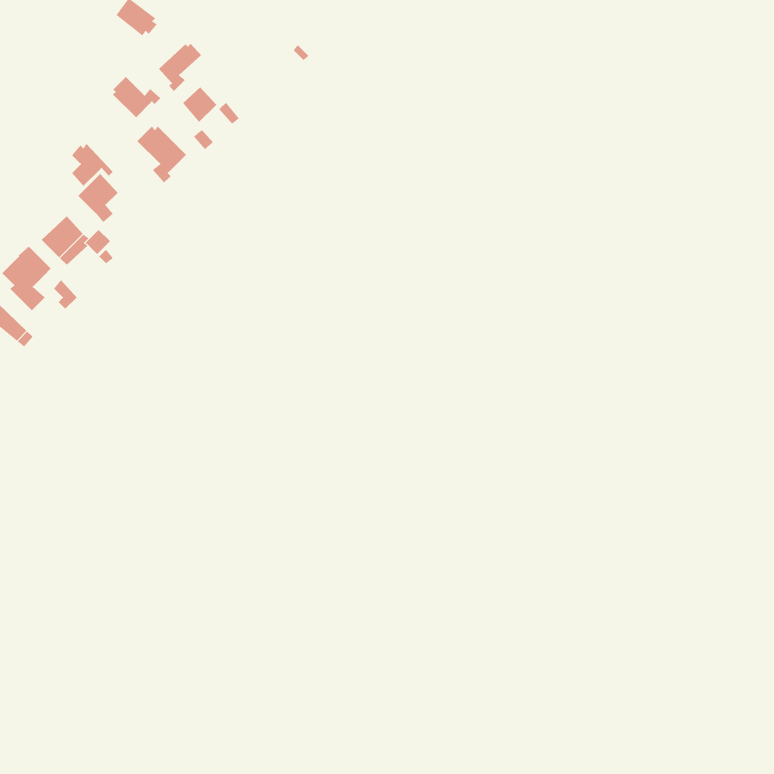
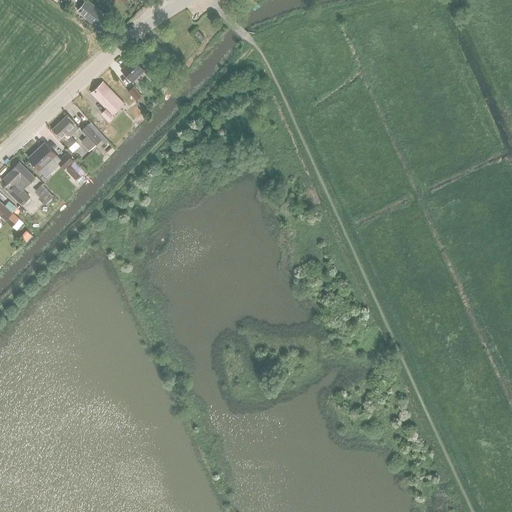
building: [158,43,202,92] -> none
building: [112,76,161,118] -> none
building: [71,143,114,187] -> [80,121,108,150]

